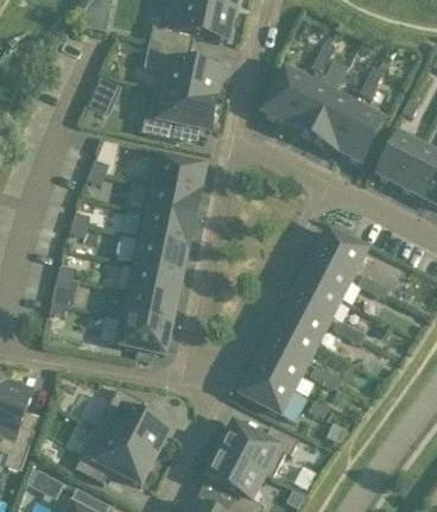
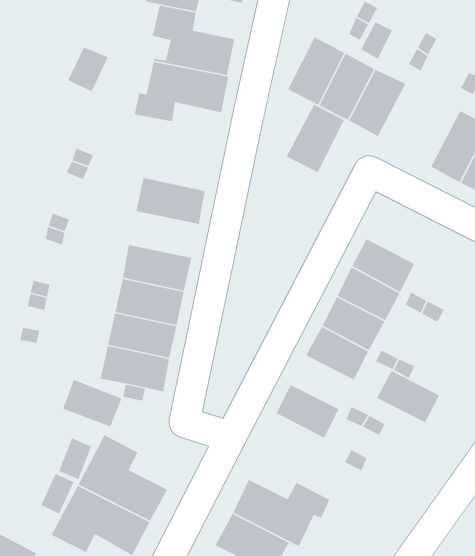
building: [336,107,384,163] -> [285,103,345,173]
building: [148,156,204,192] -> none
building: [137,209,194,246] -> none
building: [266,324,317,367] -> [376,370,440,423]
building: none -> [62,379,123,428]
building: [242,371,293,415] -> none

